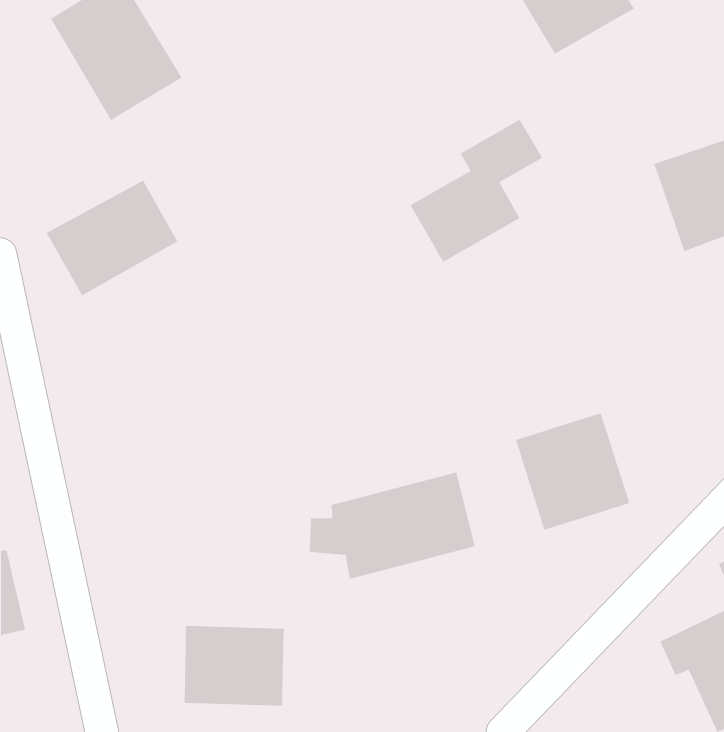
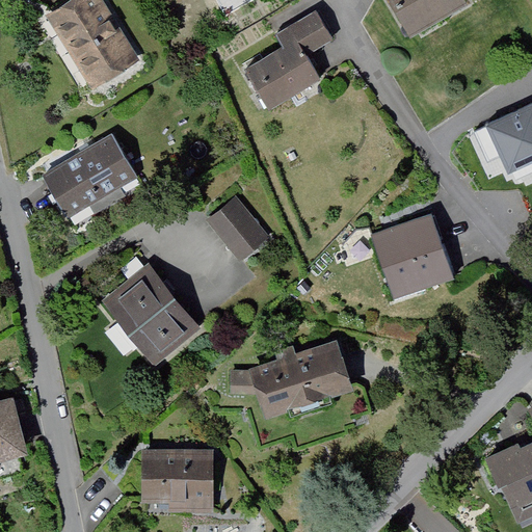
building: [410,119,543,263] -> [243,5,340,109]
building: none -> [208,193,273,261]
building: none -> [106,270,197,364]
building: [515,413,630,530] -> [372,216,455,301]

